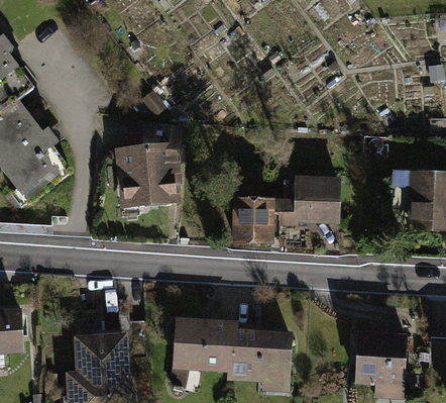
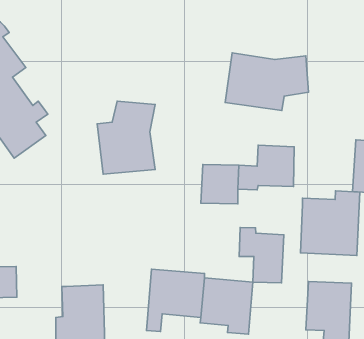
building: none -> [225,53,308,110]
building: none -> [300,191,360,255]
building: none -> [239,228,284,283]

